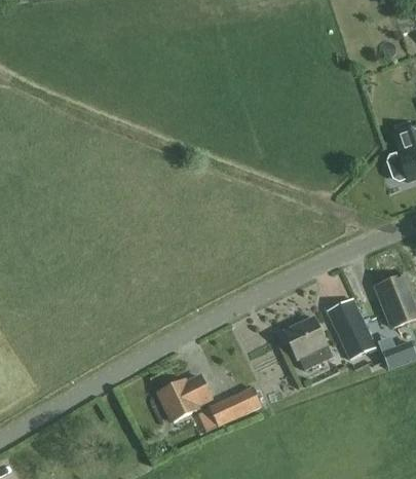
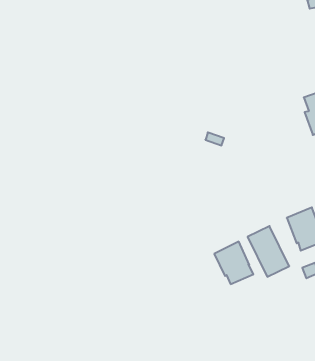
building: [157,375,211,420] -> none
building: [210,386,262,425] -> none

